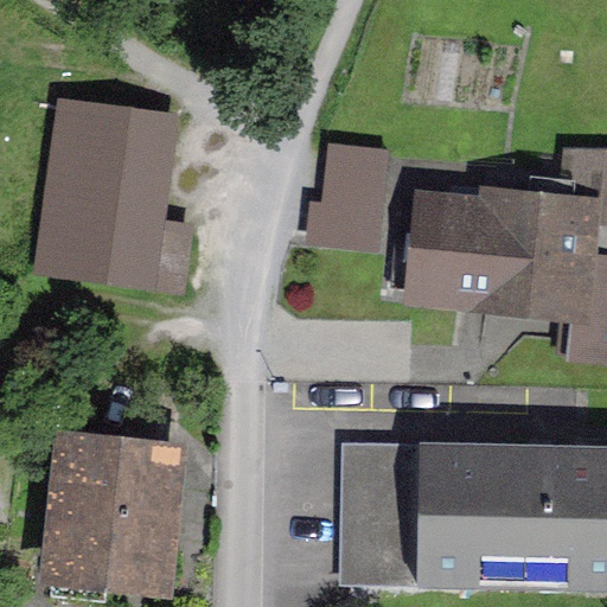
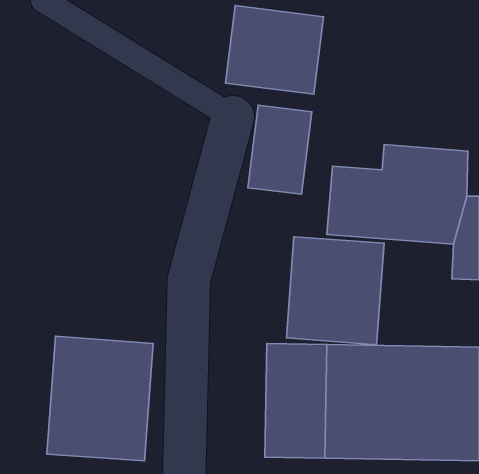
building: none -> [225,6,324,94]
building: [32,100,179,292] -> none
building: none -> [287,237,384,345]

